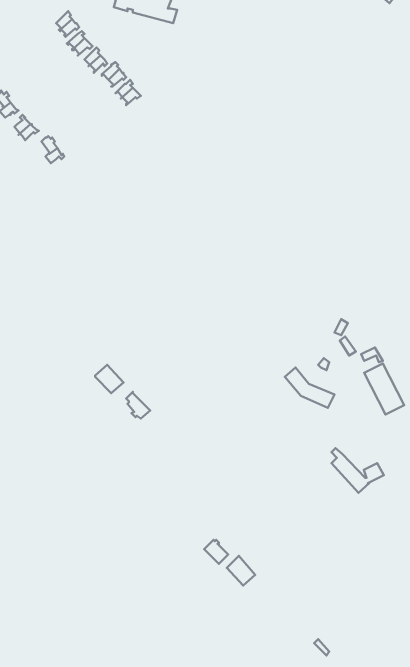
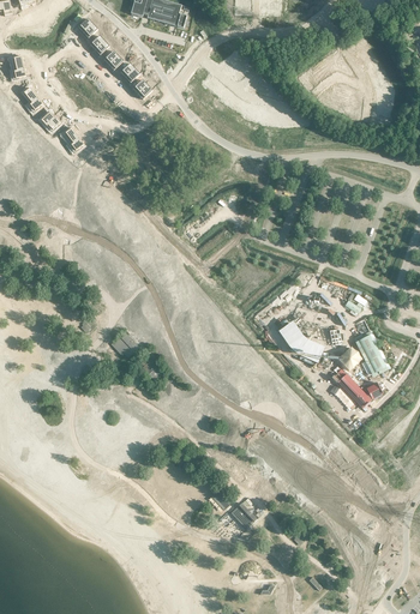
building: [332,448,384,493] -> [336,367,383,407]

